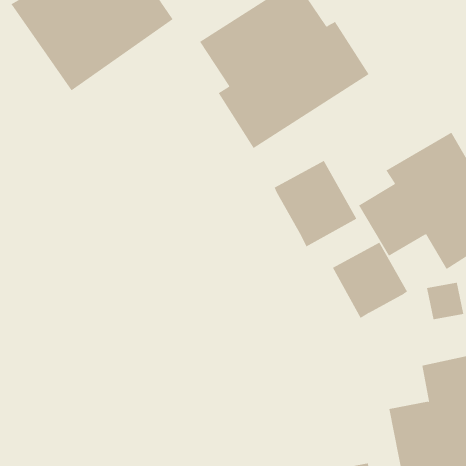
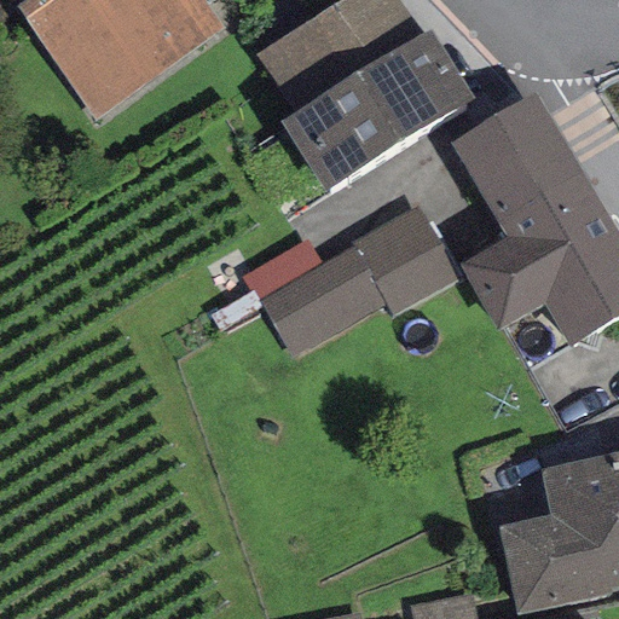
building: none -> [451,92,580,219]
building: none -> [242,238,387,355]
building: [332,242,408,319] -> none

